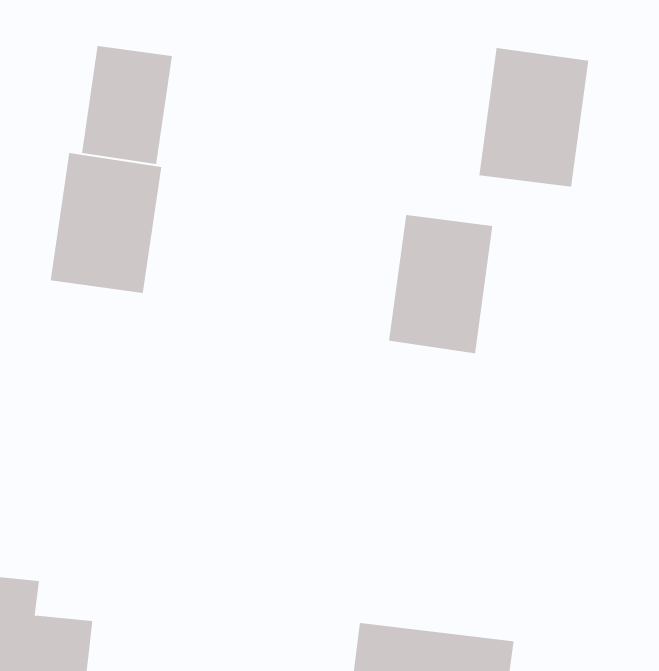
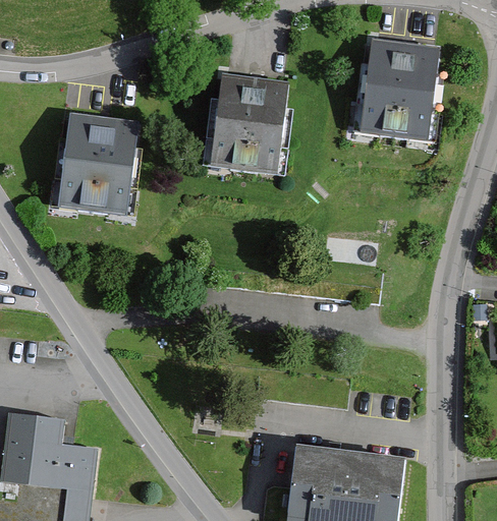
building: [82,45,172,165] -> none
building: [388,214,493,354] -> [215,74,289,173]

